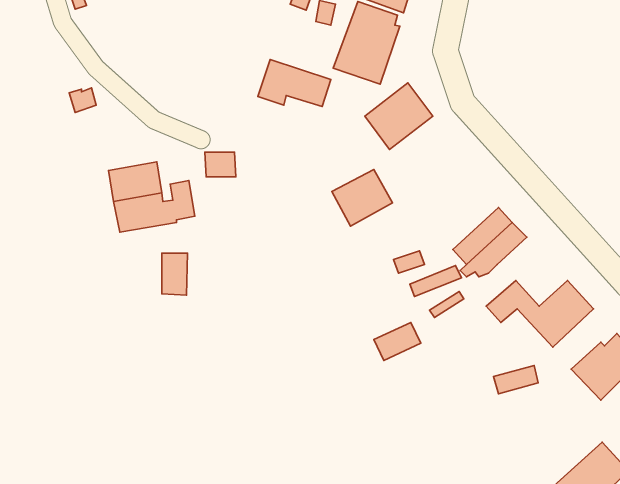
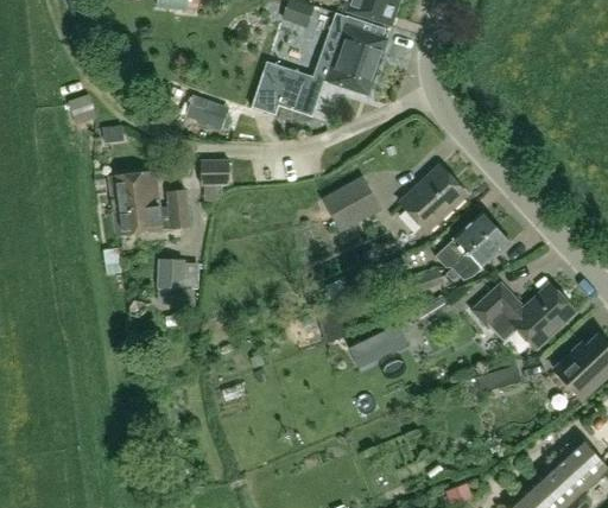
building: [365,83,433,149] -> [401,164,467,228]
building: none -> [186,95,228,127]

